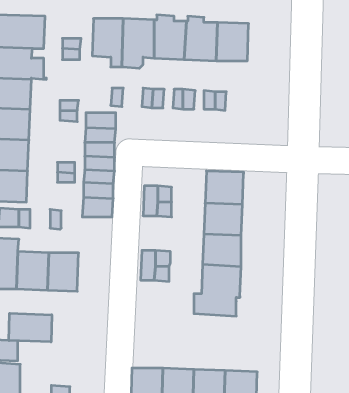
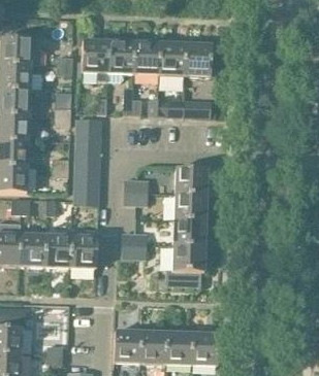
building: none -> [69,235,97,268]
building: [9,313,52,342] -> none

